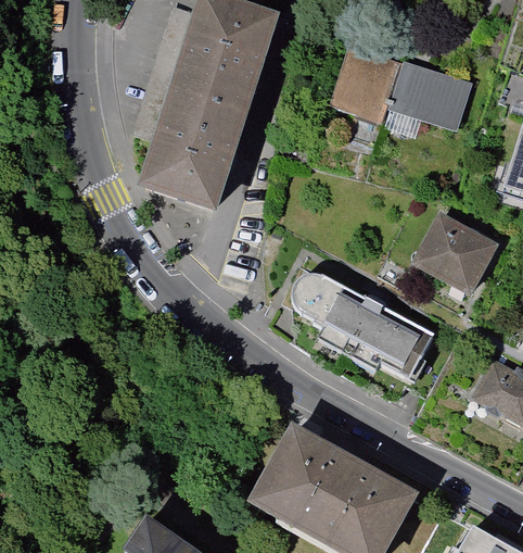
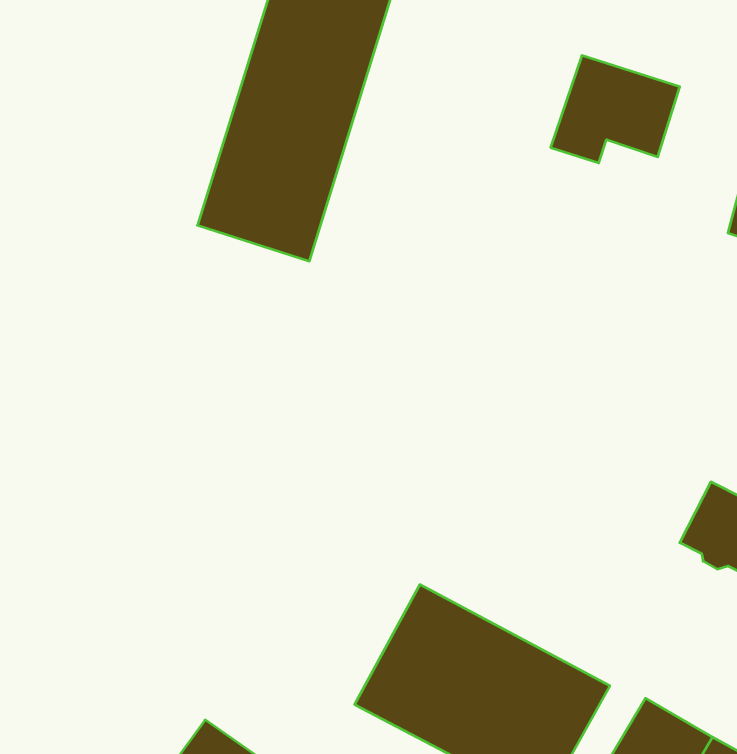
building: [333,42,407,124] -> none
building: [414,212,505,298] -> none
building: [294,275,437,381] -> none

